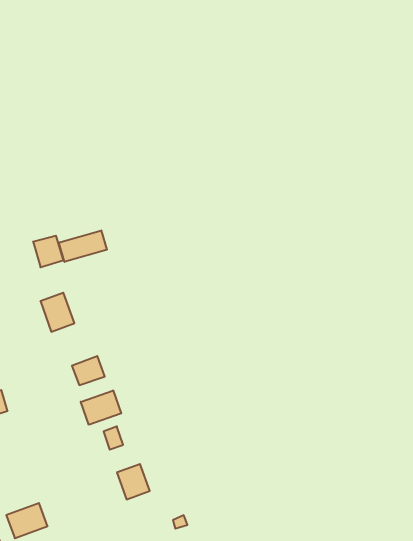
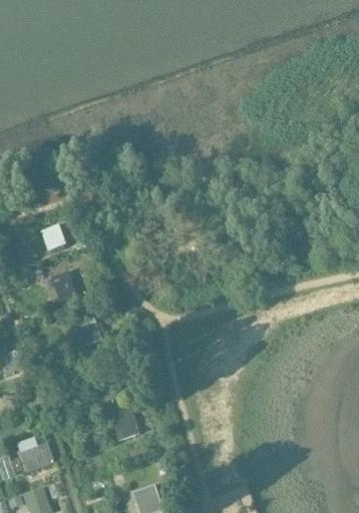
building: [59,230,107,262] -> none
building: [81,390,121,425] -> none

